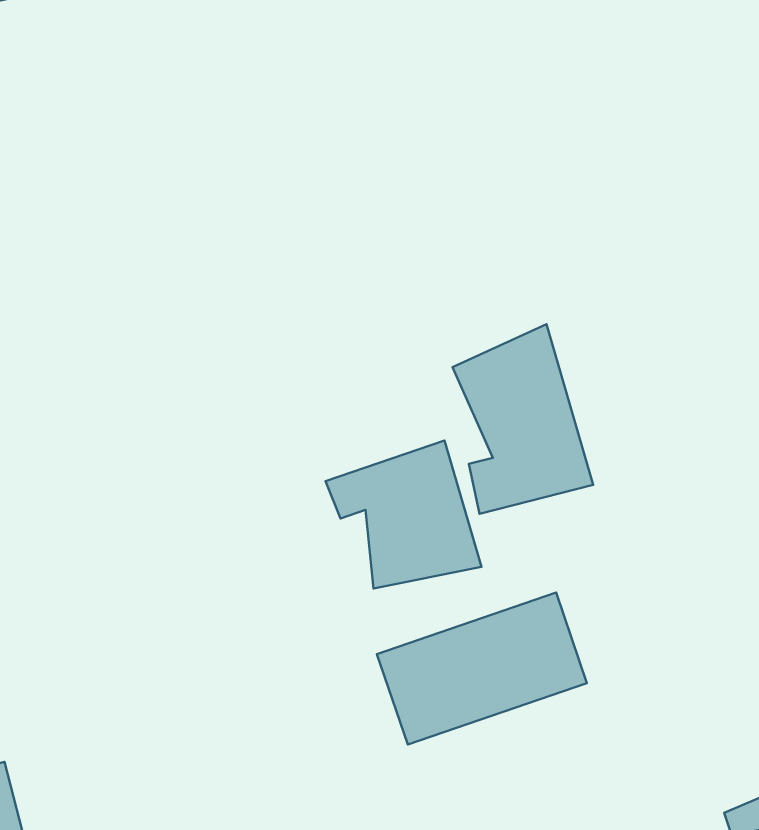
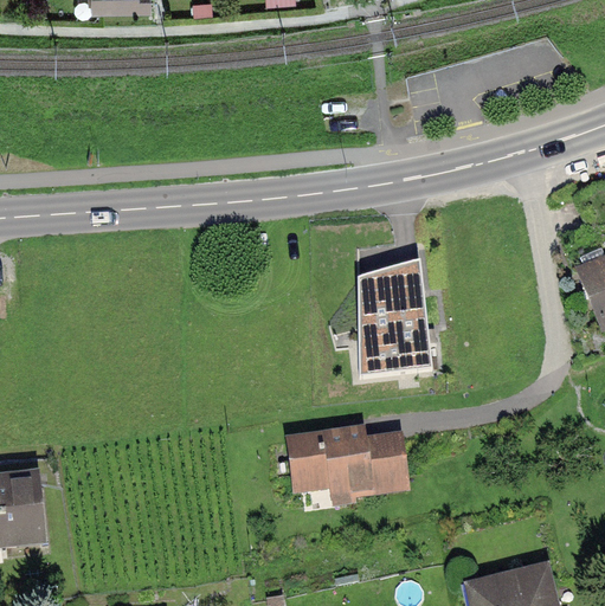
building: [325,440,482,589] -> none

